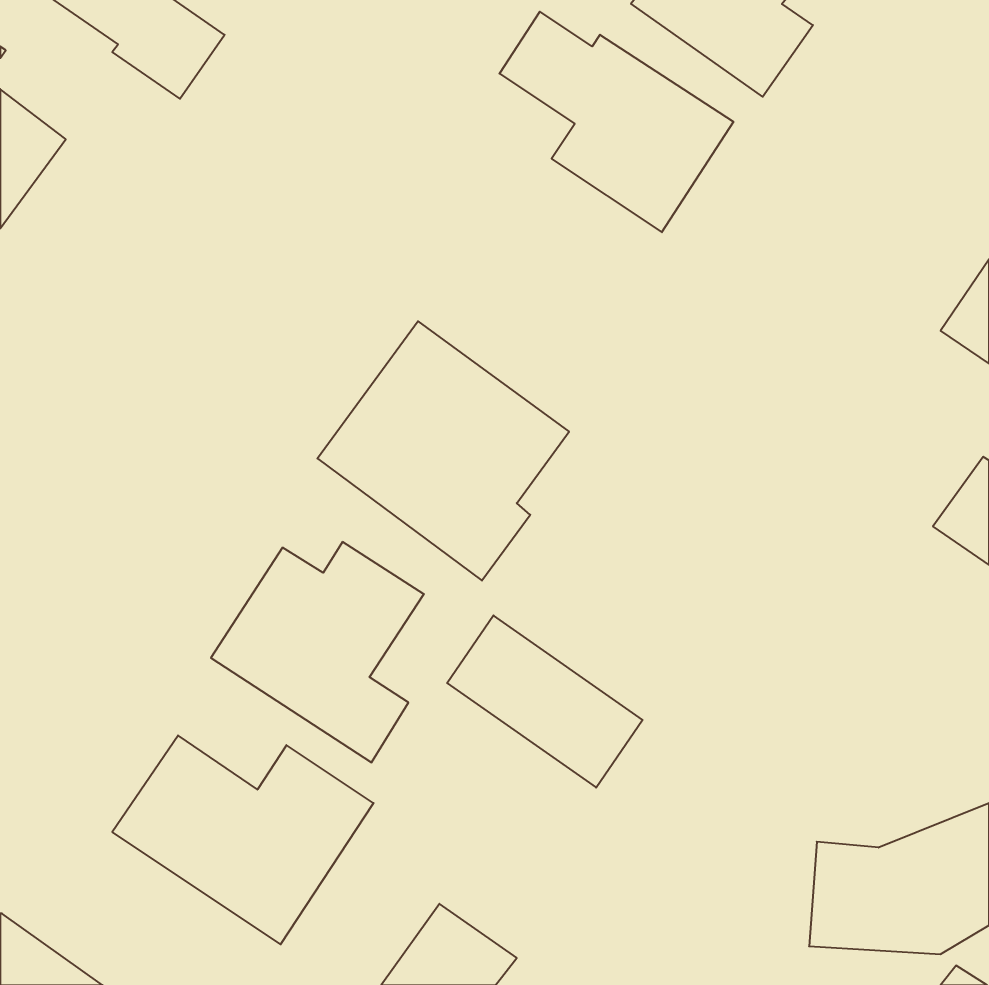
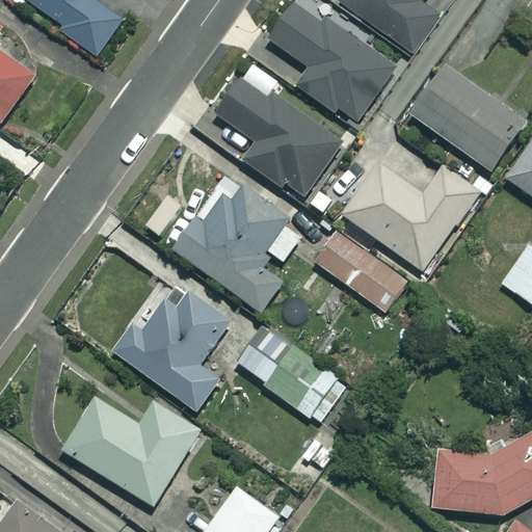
building: none -> [409,66,522,169]
building: none -> [214,79,343,201]
building: none -> [342,163,477,270]
building: none -> [315,231,407,313]

